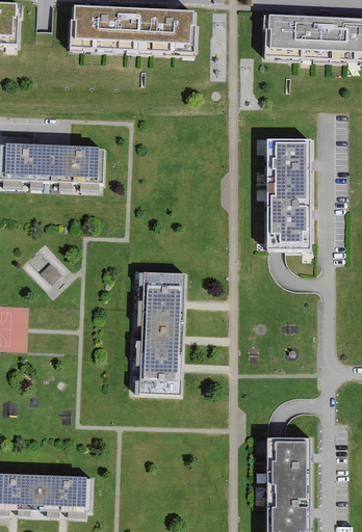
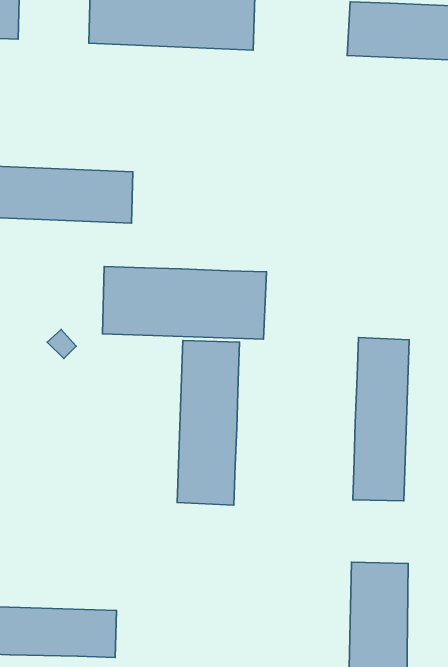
building: [267,137,312,245] -> none
building: none -> [103,266,267,339]
building: none -> [353,337,409,501]

